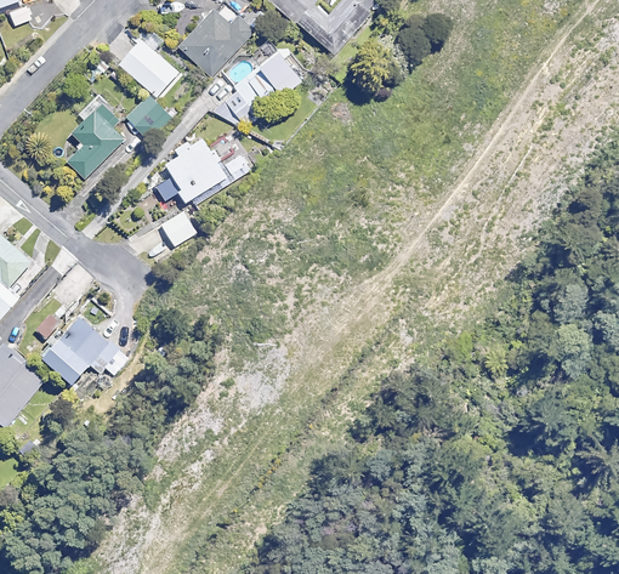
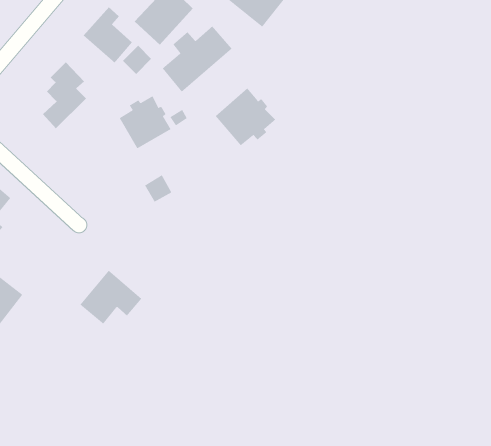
building: [129,96,165,132] -> [122,45,152,75]
building: none -> [215,87,276,146]
building: [161,212,195,246] -> [144,174,172,202]
building: [41,318,118,385] -> [79,270,142,325]

